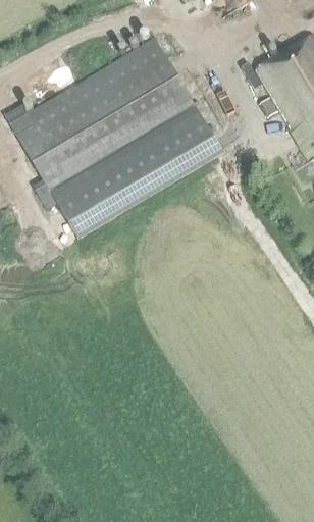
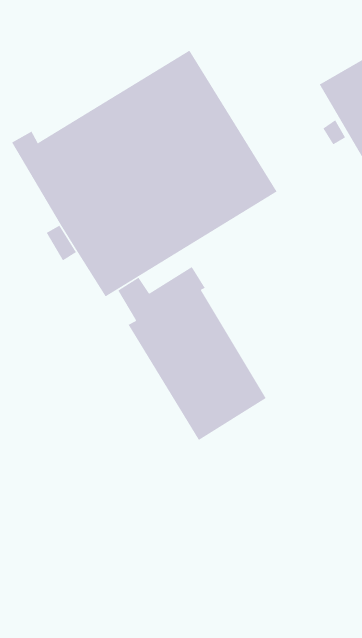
building: none -> [117,266,266,441]

